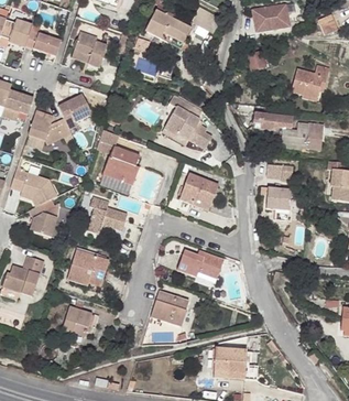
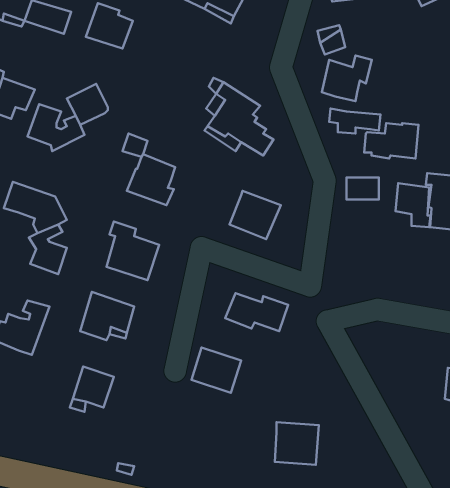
building: [292,63,329,97] -> [322,56,372,101]
building: [265,186,292,219] -> [395,183,431,227]

